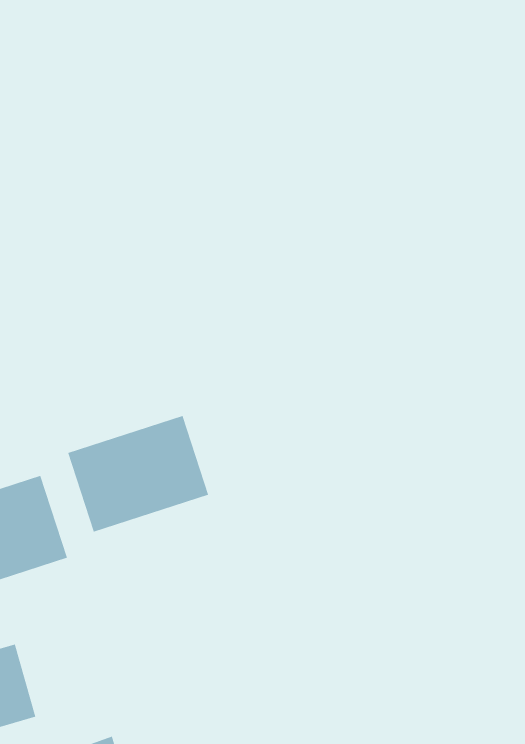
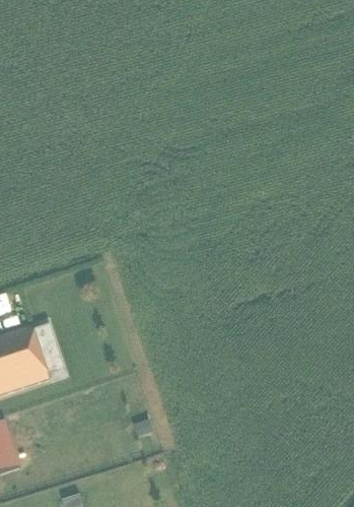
building: [68,415,209,533] -> none

